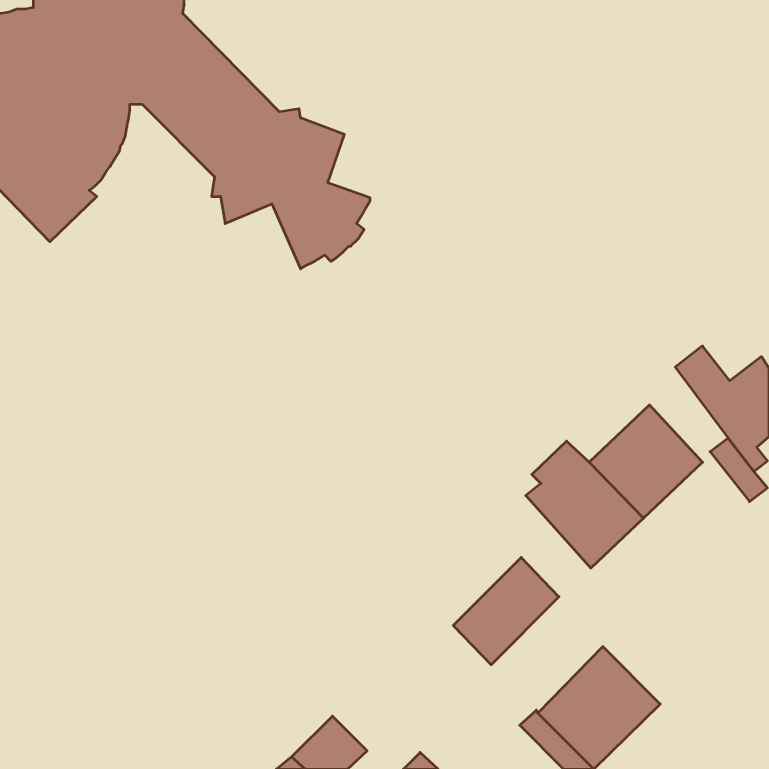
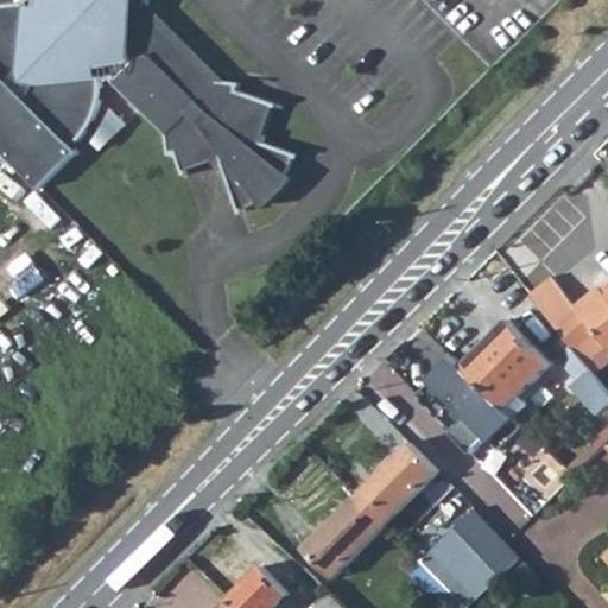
building: none -> [304,492,386,575]

